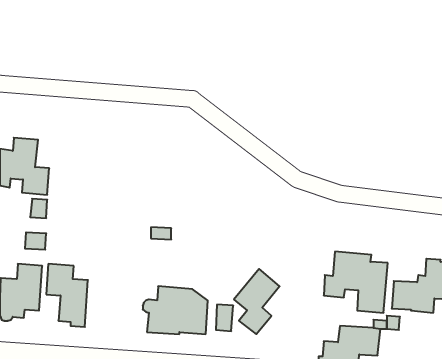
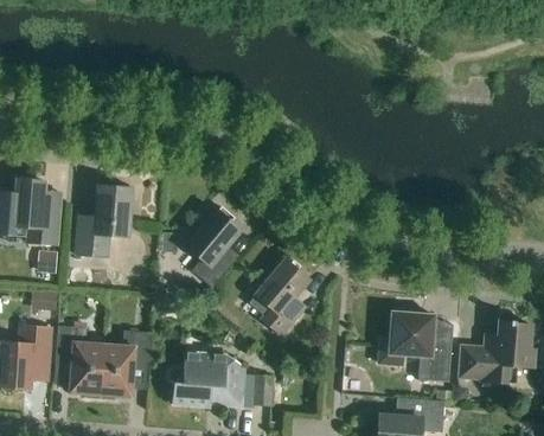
building: none -> [75,184,132,256]
building: none -> [185,206,241,286]
building: none -> [100,329,152,399]
building: [234,269,280,334] -> [255,258,308,334]

